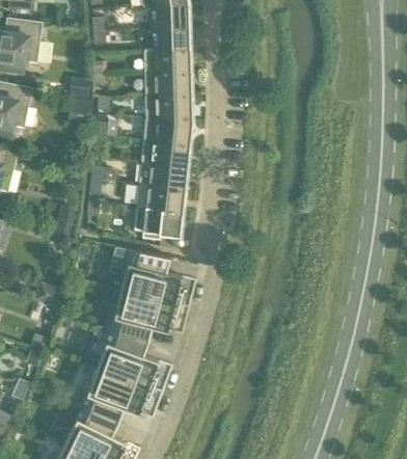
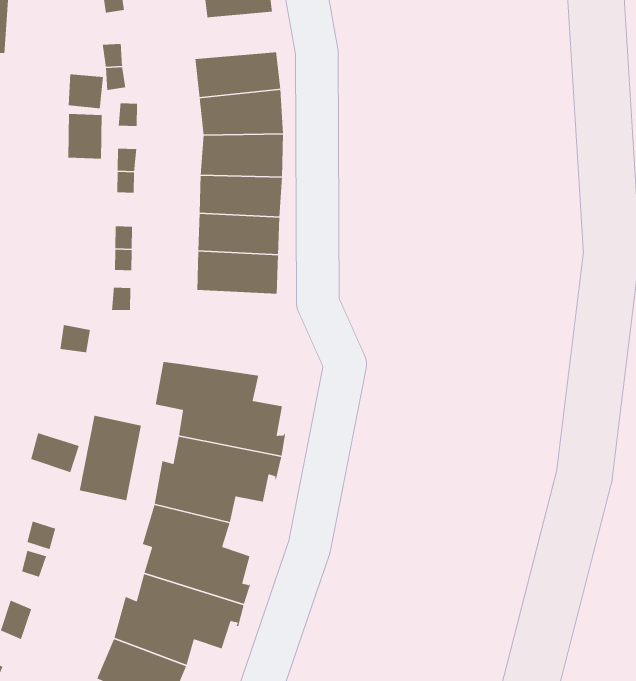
building: [143,48,192,72] -> none
building: [134,206,184,239] -> none
building: none -> [79,415,142,501]

